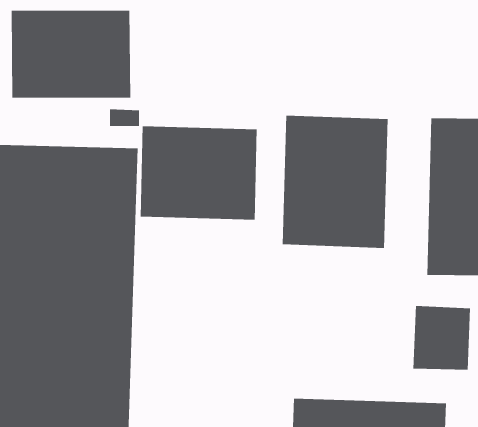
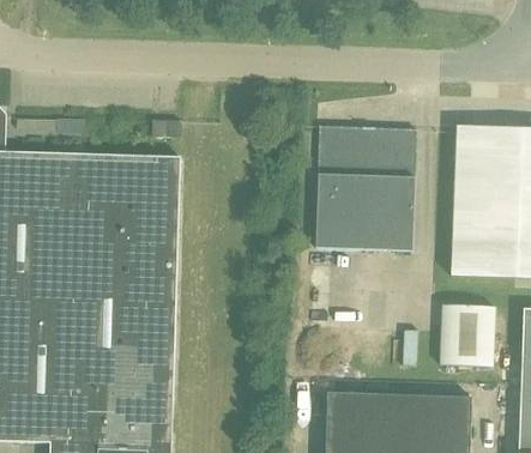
building: [11,10,131,99] -> none
building: [140,126,257,221] -> none

